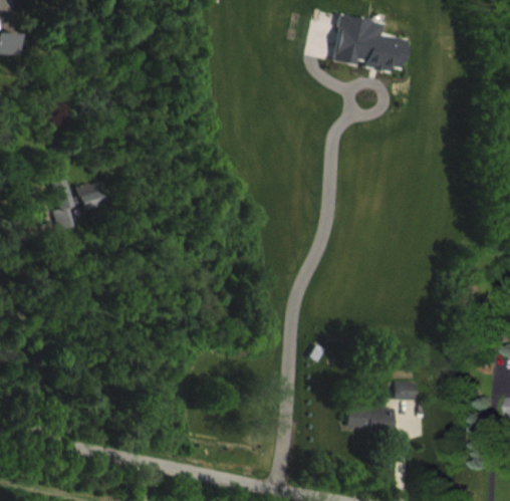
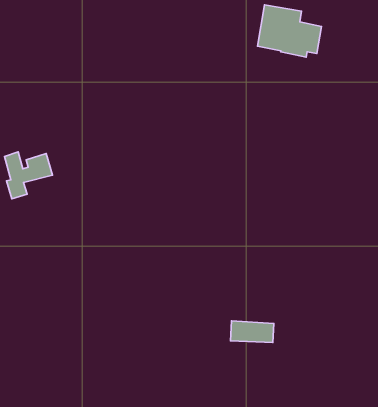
building: [397,382,419,401] -> none
building: [348,406,397,430] -> [231,321,274,342]

